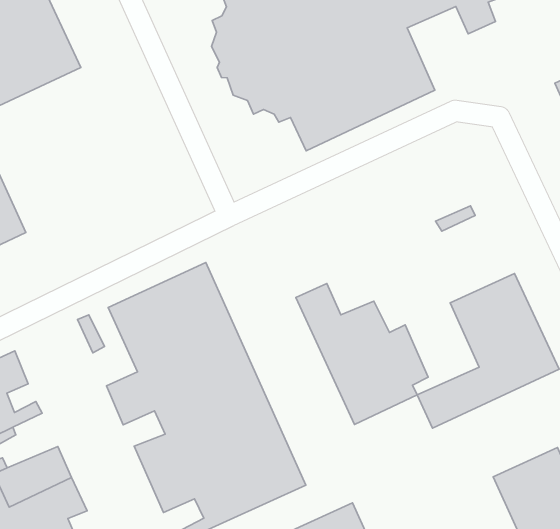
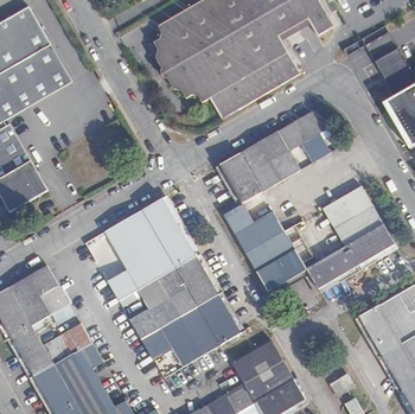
building: none -> [218,108,326,203]

